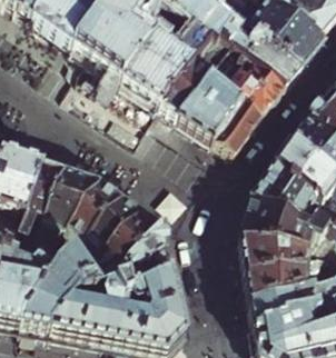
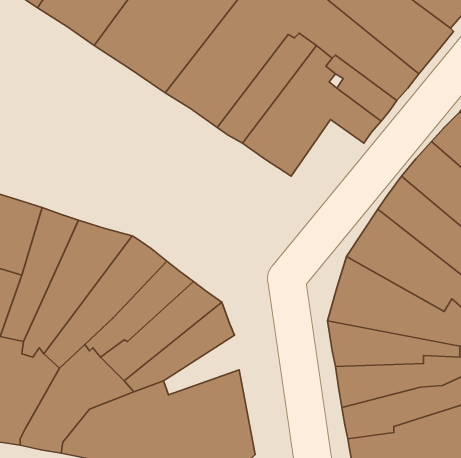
building: [214,96,265,150] -> none
building: [123,248,177,290] -> none

